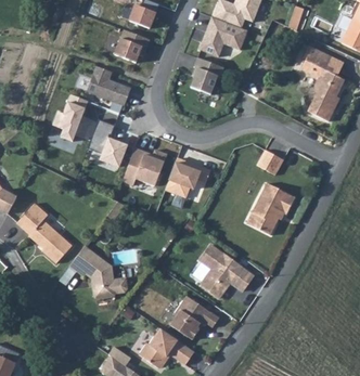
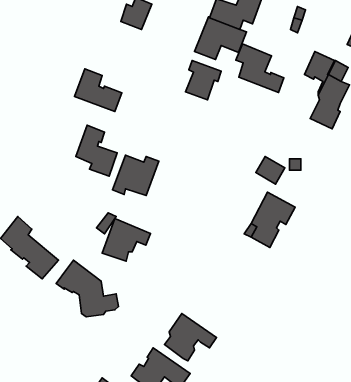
building: [114,30,150,63] -> none
building: none -> [236,44,284,93]
building: [52,94,91,141] -> none
building: [163,156,208,196] -> [102,218,151,261]
building: [202,246,254,298] -> none

